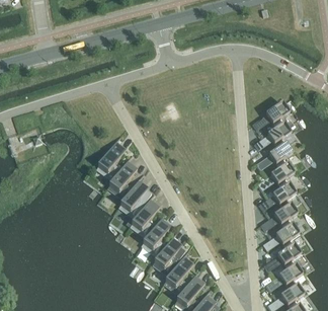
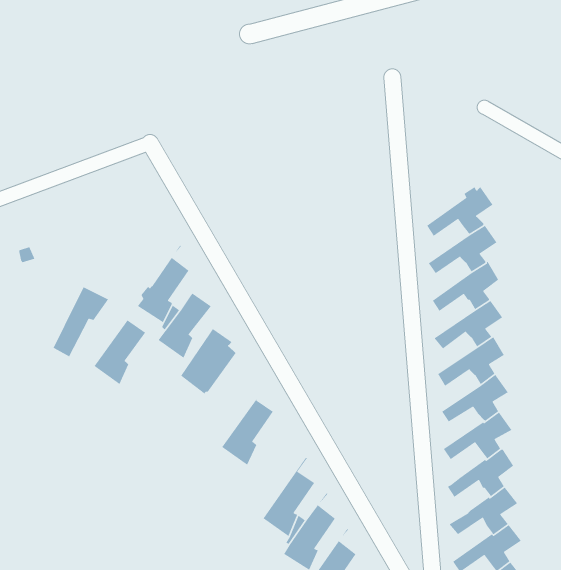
building: none -> [45,286,109,364]
building: [131,191,159,234] -> [94,306,146,385]
building: [153,230,184,273] -> none

